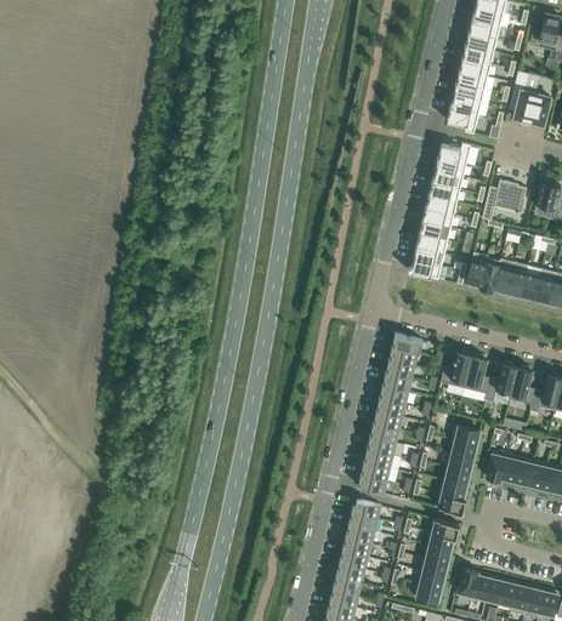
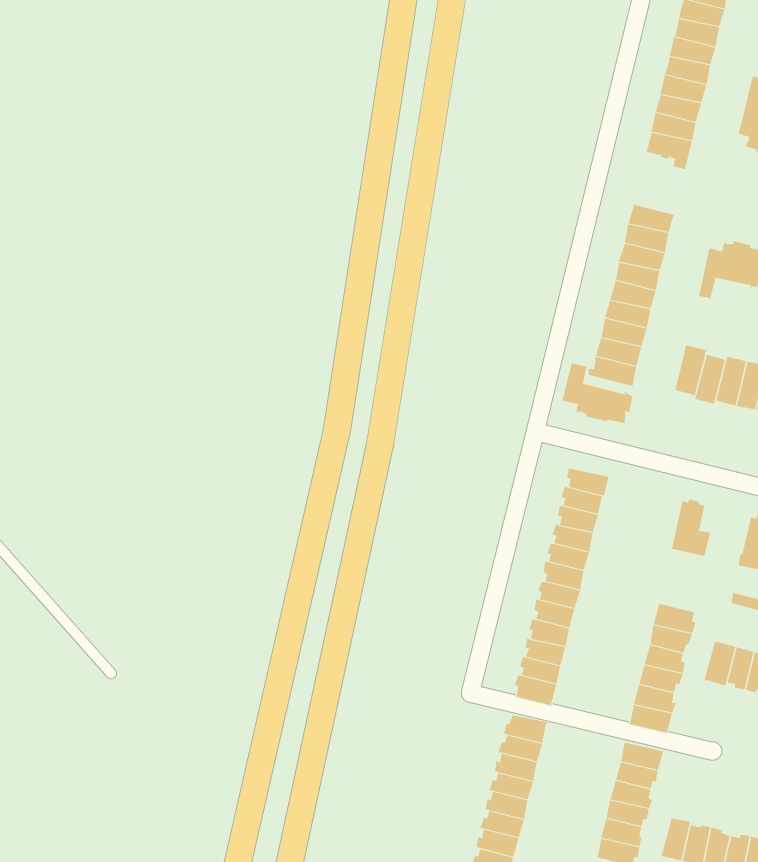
building: [437,144,478,166] -> none
building: none -> [562,362,633,424]
building: [441,352,471,389] -> none
building: [484,363,517,401] -> none

